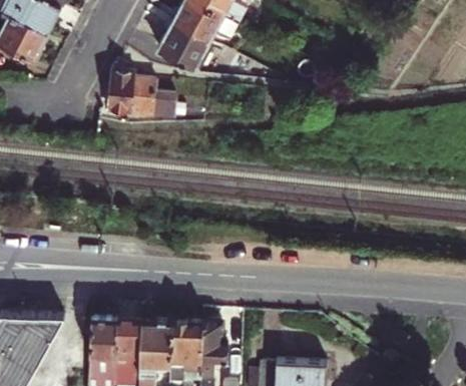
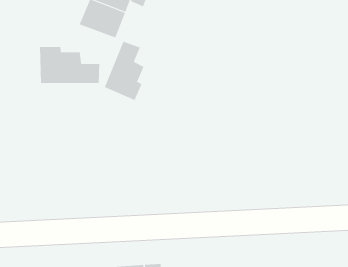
building: none -> [104,41,144,101]

